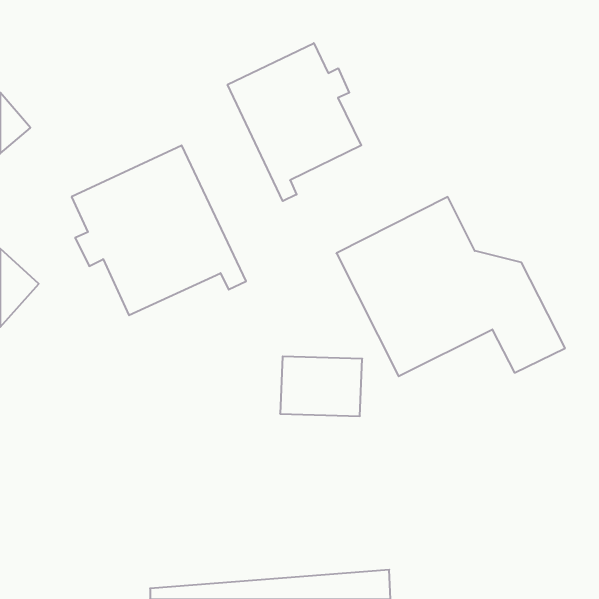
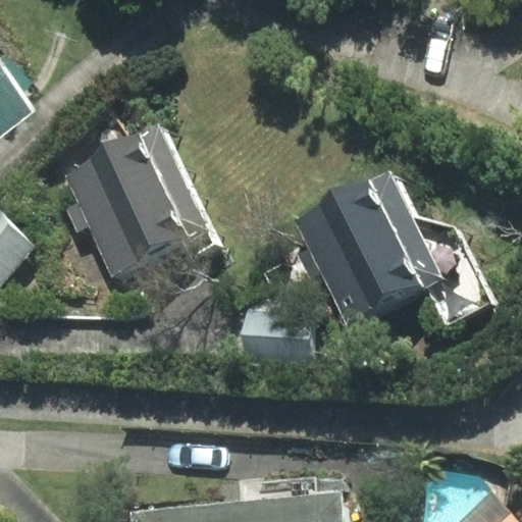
building: [228,43,361,201] -> none

